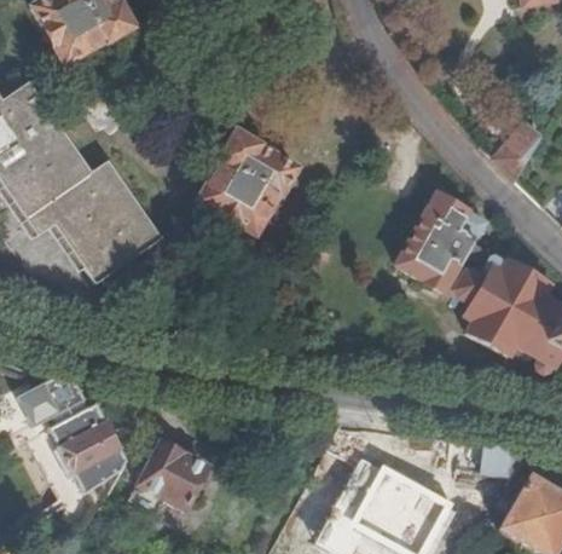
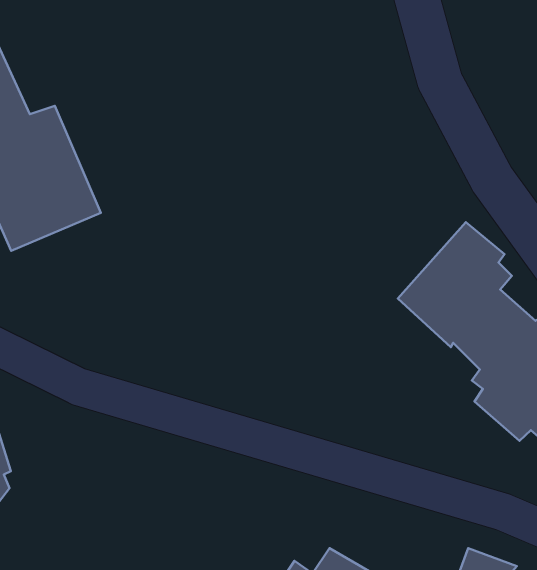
building: [197,134,294,235] -> none
building: [133,443,203,510] -> none

